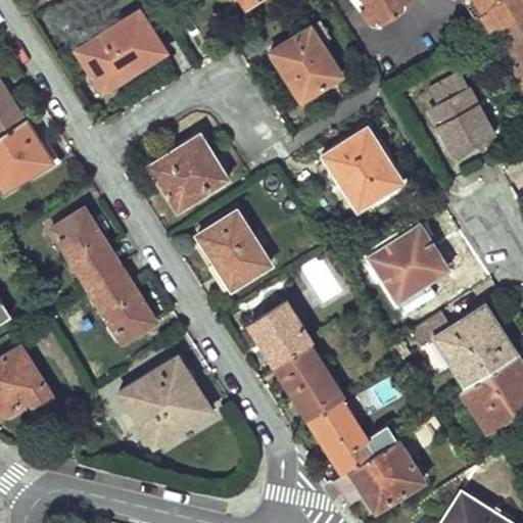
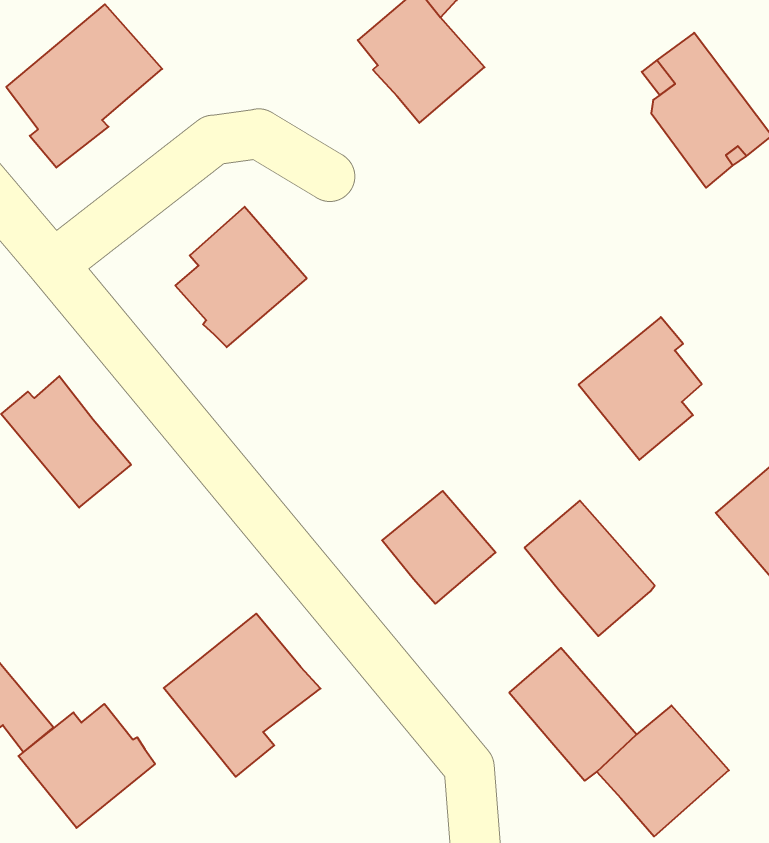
building: [324,132,402,209] -> none
building: [200,211,272,293] -> none
building: [87,267,151,342] -> none
building: [275,344,343,420] -> [525,501,655,636]
building: none -> [18,704,155,828]

